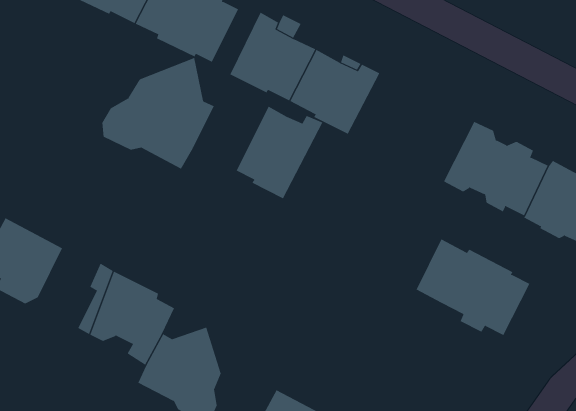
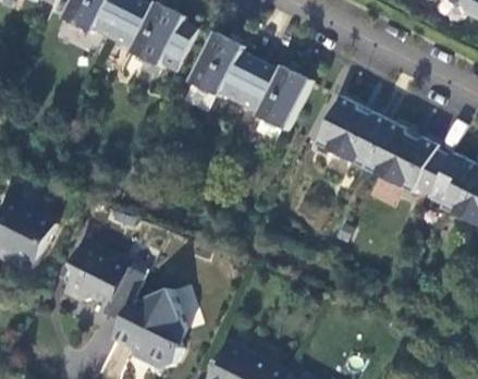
building: [102,57,215,169] -> none
building: none -> [316,96,388,169]
building: [236,106,323,199] -> none
building: [416,239,530,336] -> none

